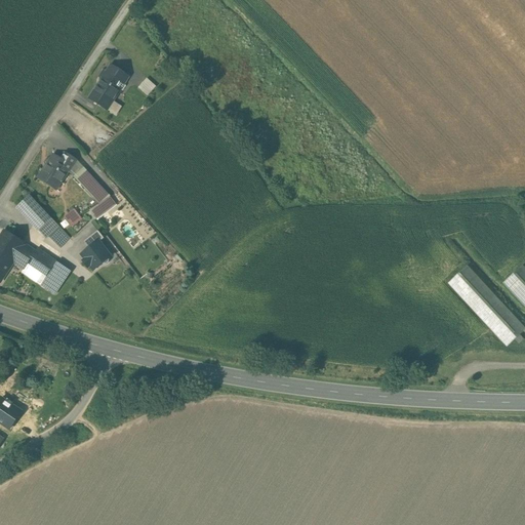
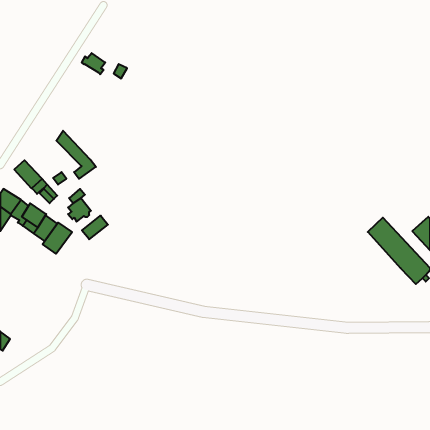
building: [89,78,120,109] -> none
building: [38,152,77,188] -> none
building: none -> [82,216,108,239]
building: none -> [43,223,72,254]

